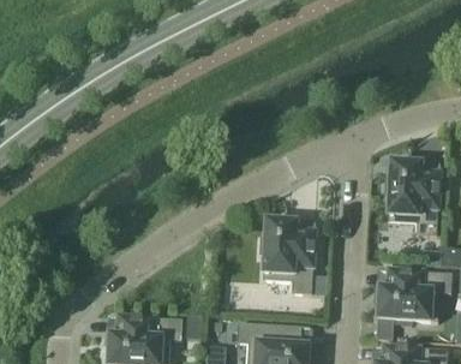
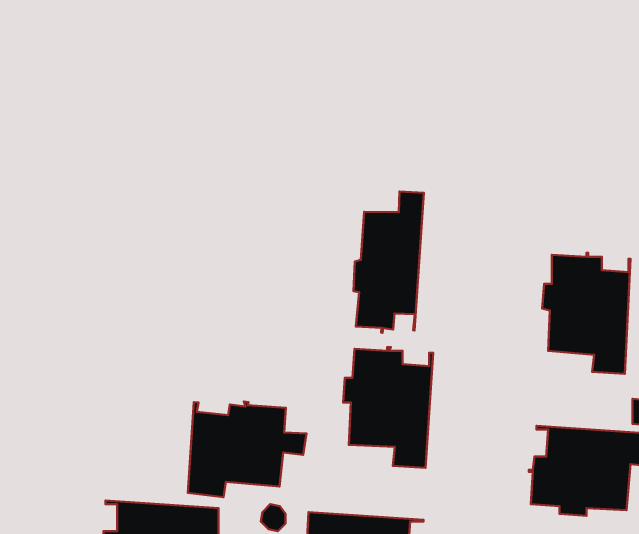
building: none -> [353,191,424,333]
building: none -> [188,402,307,497]

